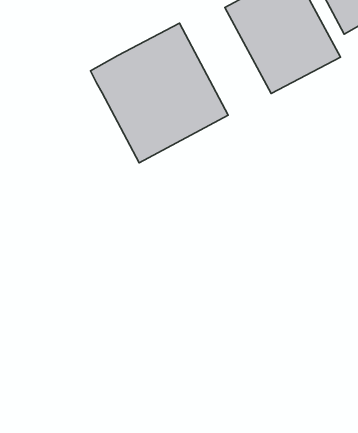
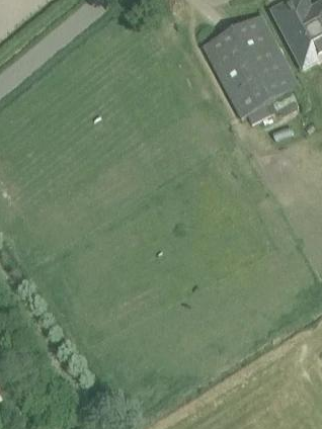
building: [90,23,228,163] -> none

